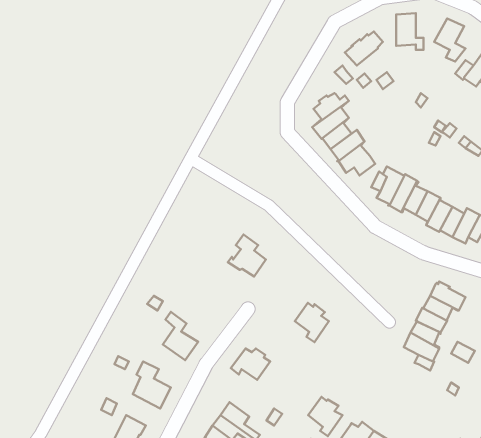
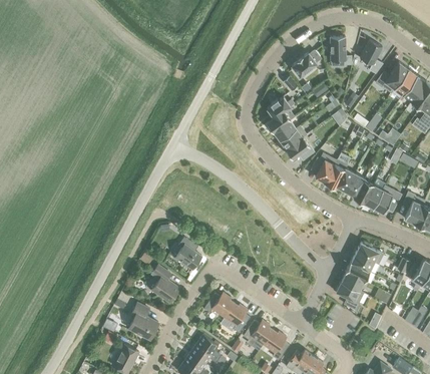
building: [228,235,266,277] -> [171,237,200,269]
building: [295,303,329,342] -> [224,303,250,333]
building: none -> [243,320,273,347]

